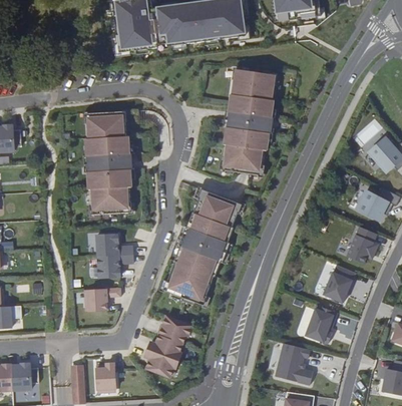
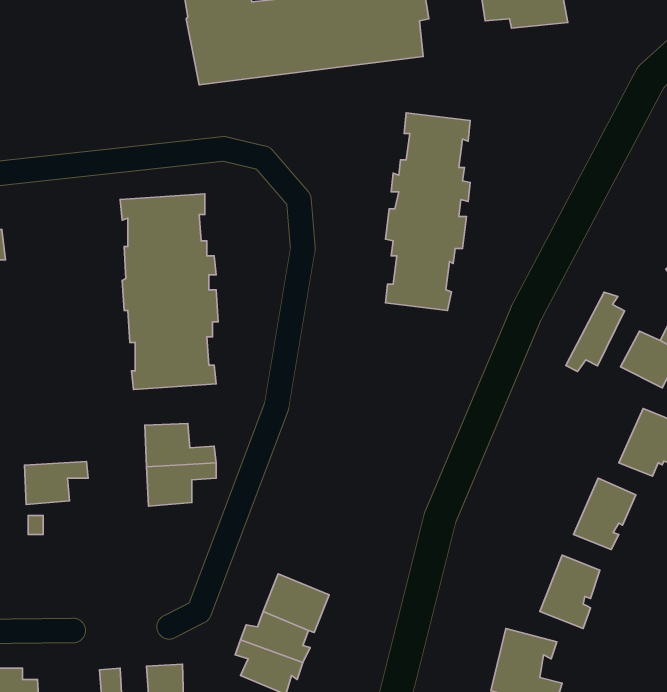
building: none -> [566,292,624,371]
building: [162,188,241,305] -> none
building: [83,288,117,311] -> [24,461,88,505]

